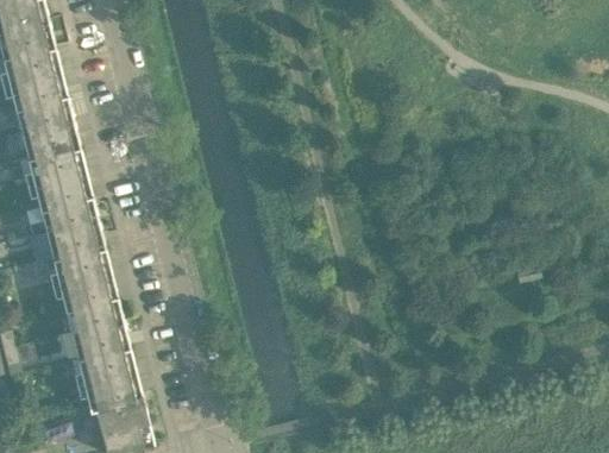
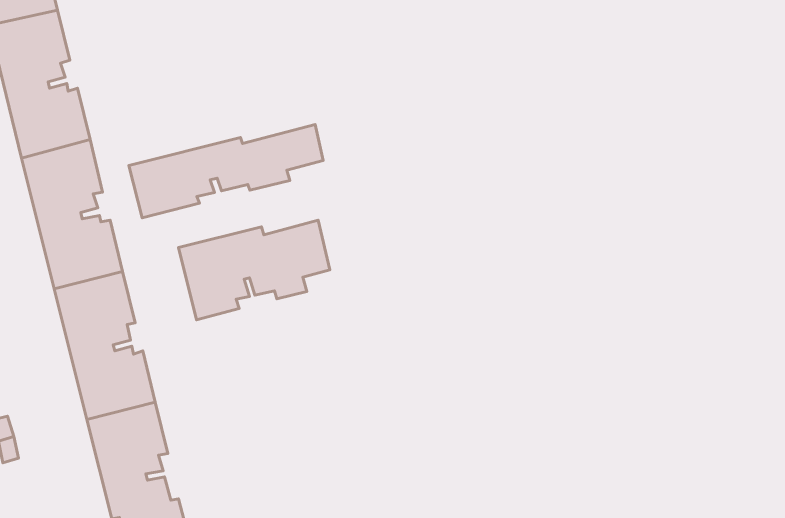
building: none -> [129,125,323,218]
building: none -> [178,220,330,320]

